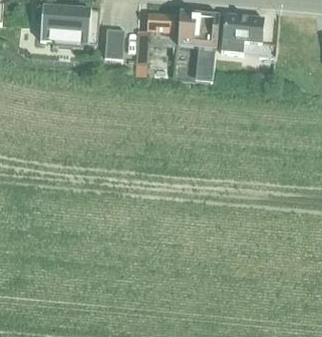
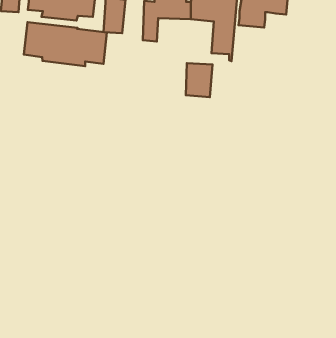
building: none -> [24,22,107,66]
building: none -> [186,63,212,97]

